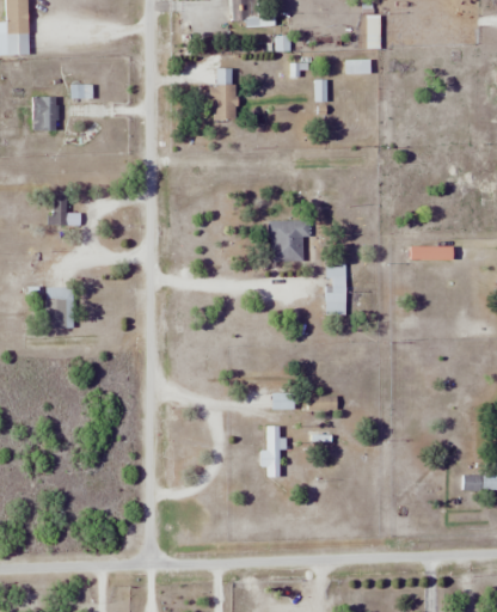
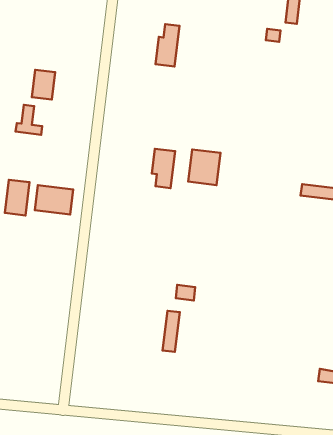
building: [33,97,59,131] -> [32,70,55,100]
building: none -> [152,149,175,188]
building: [326,263,346,314] -> none
building: none -> [35,185,73,215]

